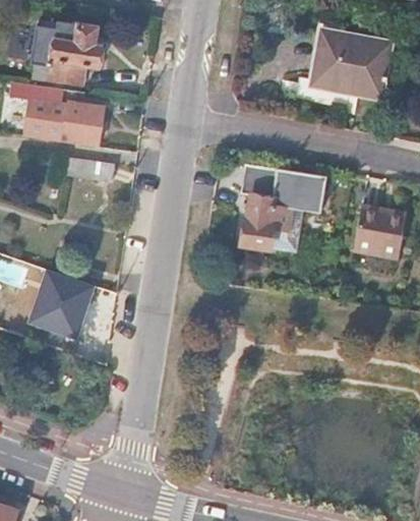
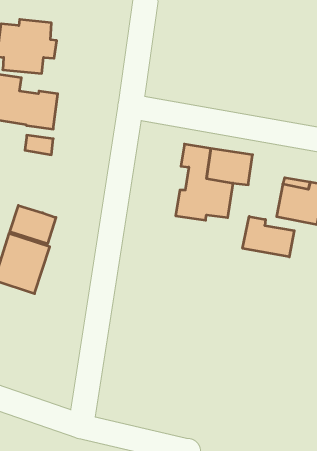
building: [315,27,394,95] -> none
building: none -> [10,205,56,244]
building: none -> [243,216,294,257]

